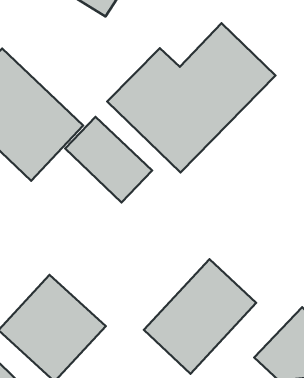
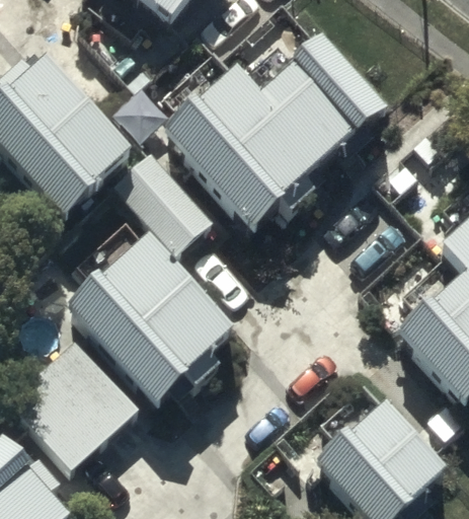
building: none -> [74,256,236,422]
building: [144,259,256,374] -> none

